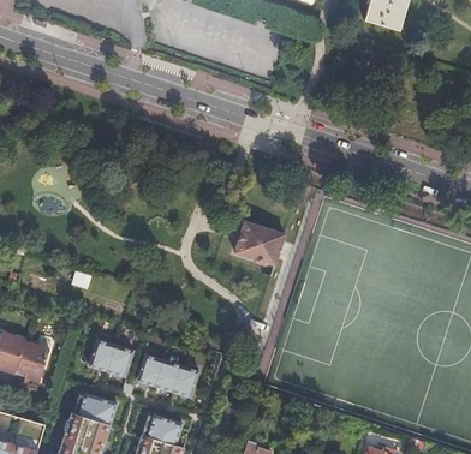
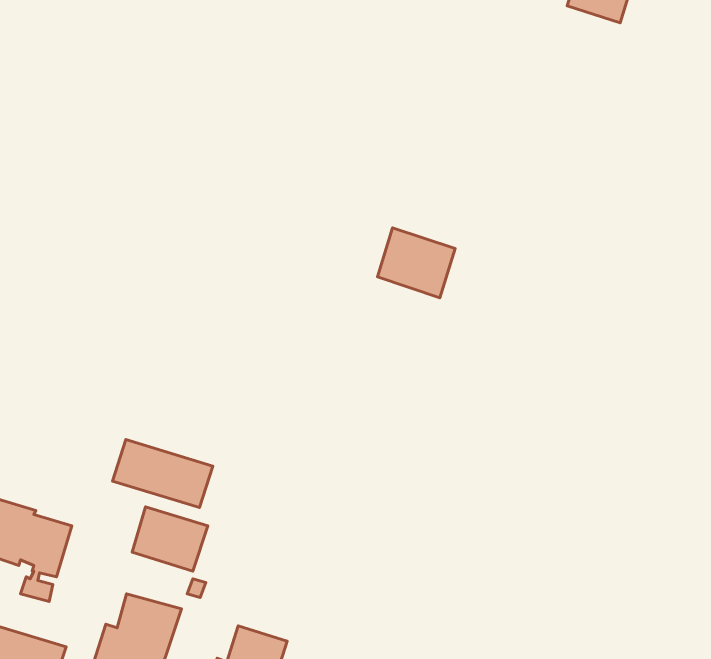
building: [235,221,285,265] -> [378,228,455,298]
building: [137,353,201,396] -> [113,440,213,508]

